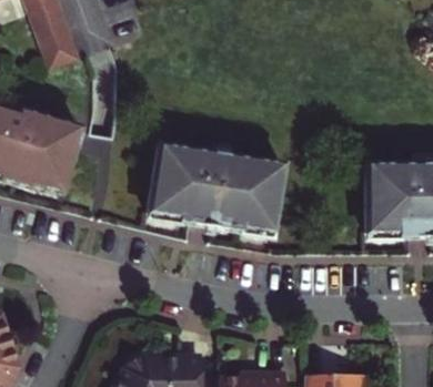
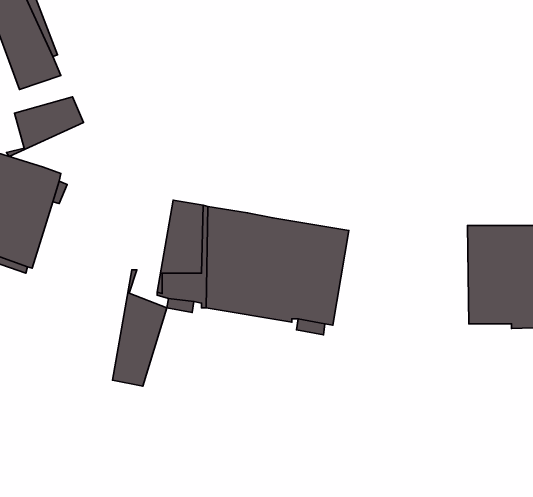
building: none -> [7,97,84,156]
building: none -> [113,270,167,386]

